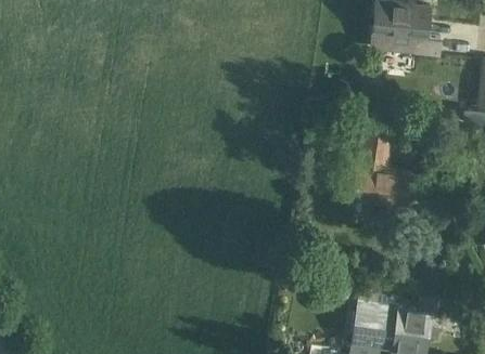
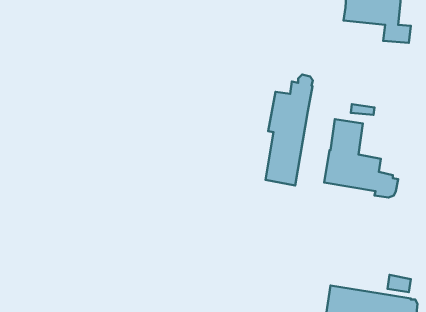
building: none -> [265,75,313,185]

